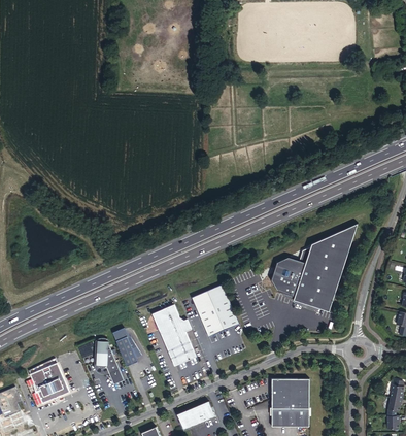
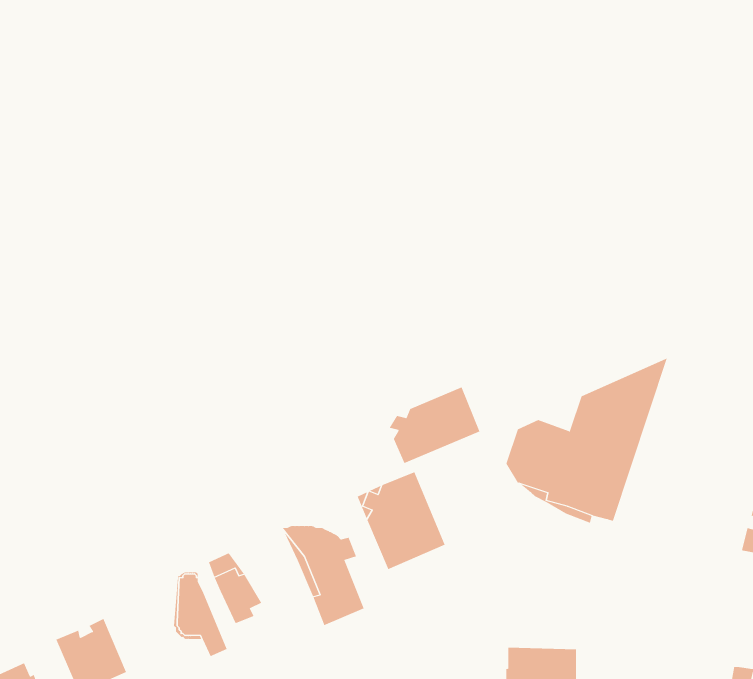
building: none -> [389,387,480,464]

